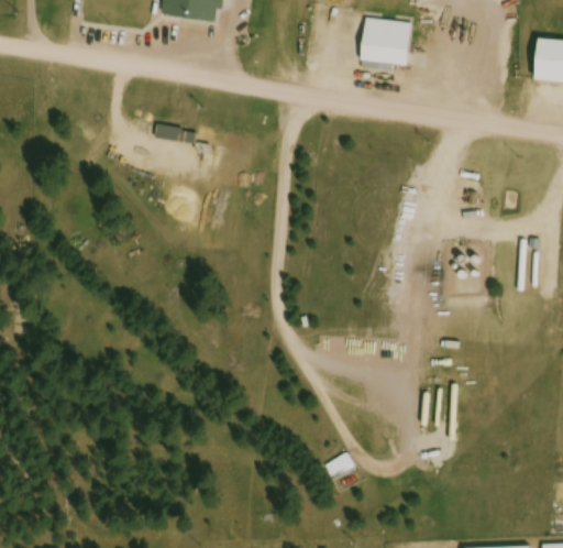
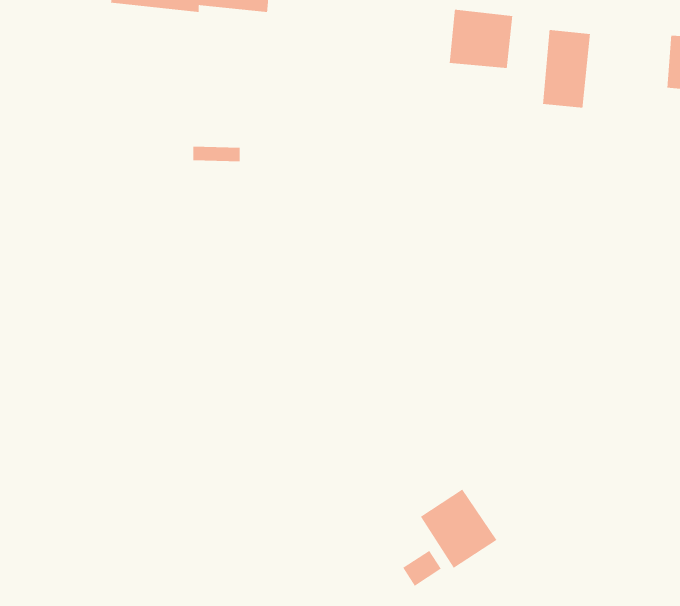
building: none -> [542,29,591,109]
building: none -> [420,489,497,569]

